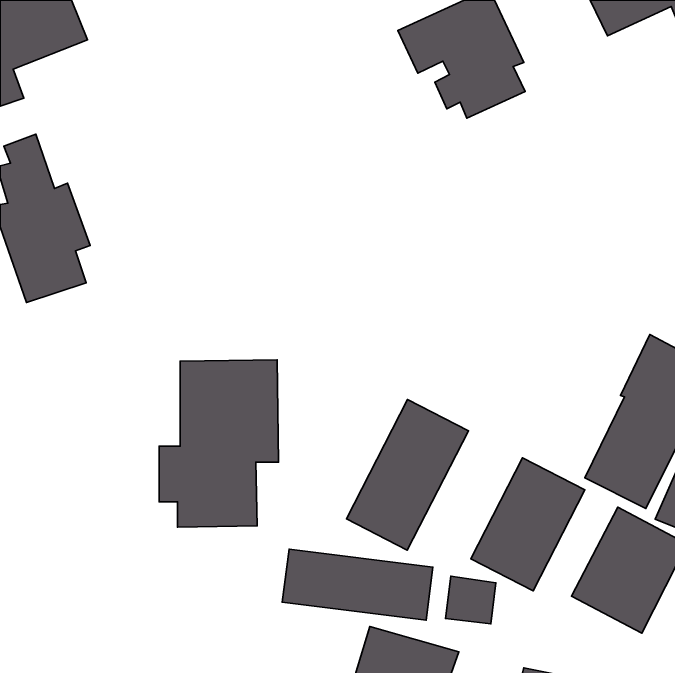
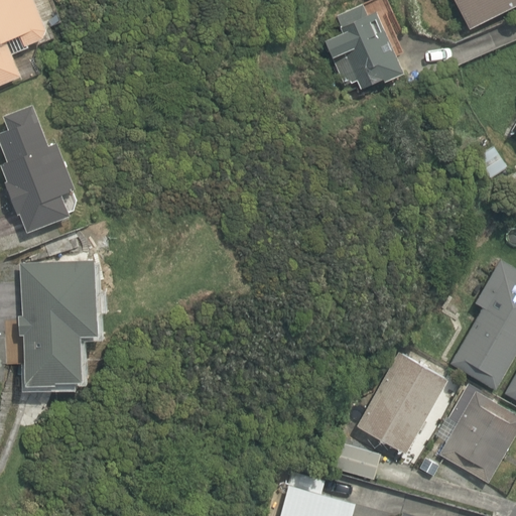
building: [159,360,278,527] -> [7,258,98,385]
building: [346,399,468,550] -> none
building: [282,549,433,620] -> none

